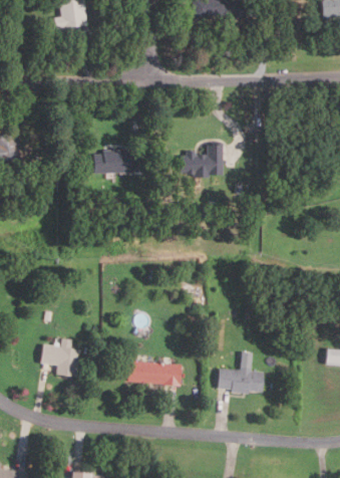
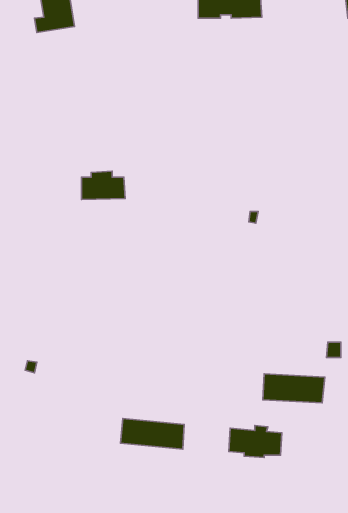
building: [181,144,224,176] -> none
building: none -> [263,374,325,403]
building: [40,336,80,378] -> none

